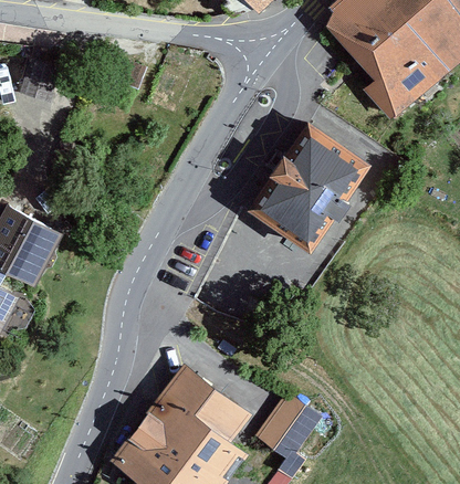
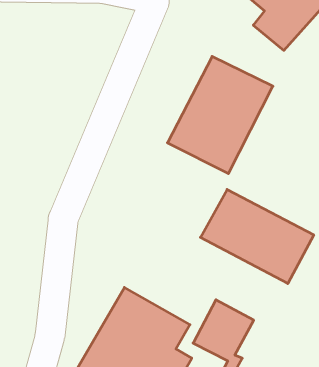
building: none -> [200,189,314,284]

